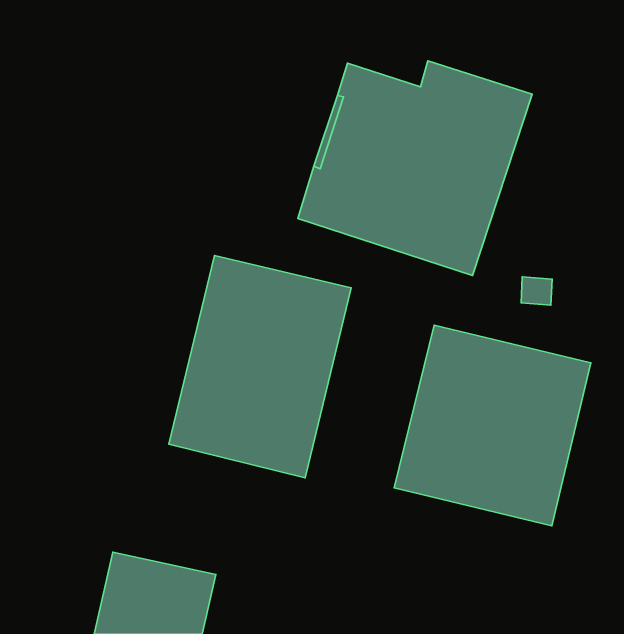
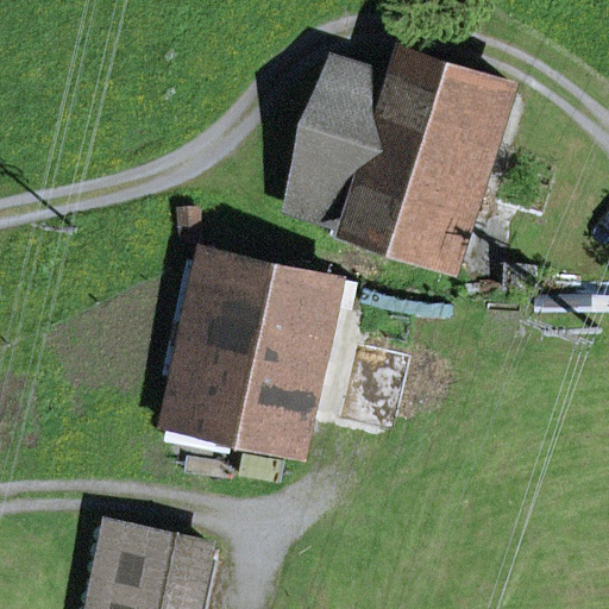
building: [394,325,591,526] -> none

